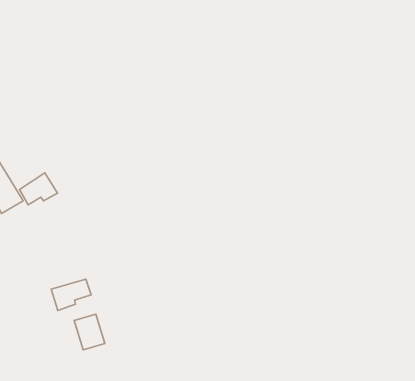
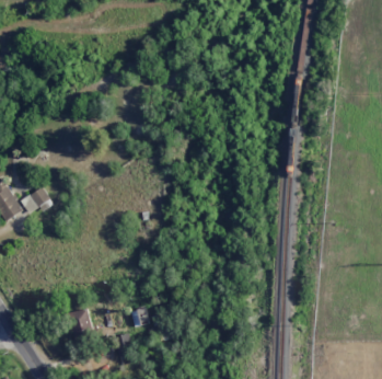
building: [51,279,91,311] -> none

